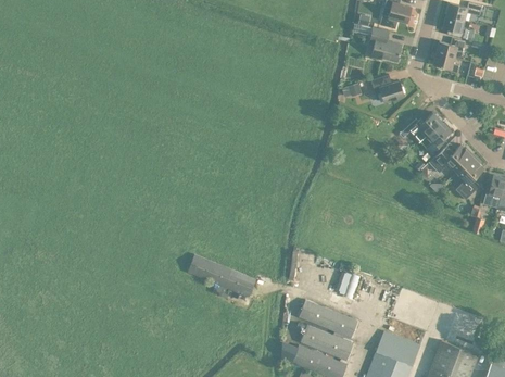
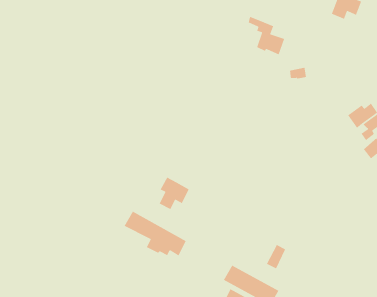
building: [361,24,402,62] -> [248,16,285,55]
building: [371,75,404,102] -> none
building: none -> [158,177,190,210]

